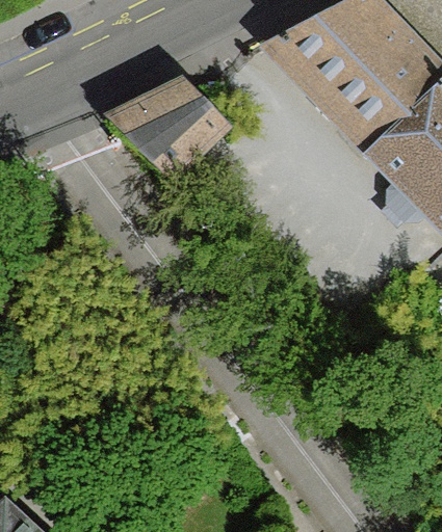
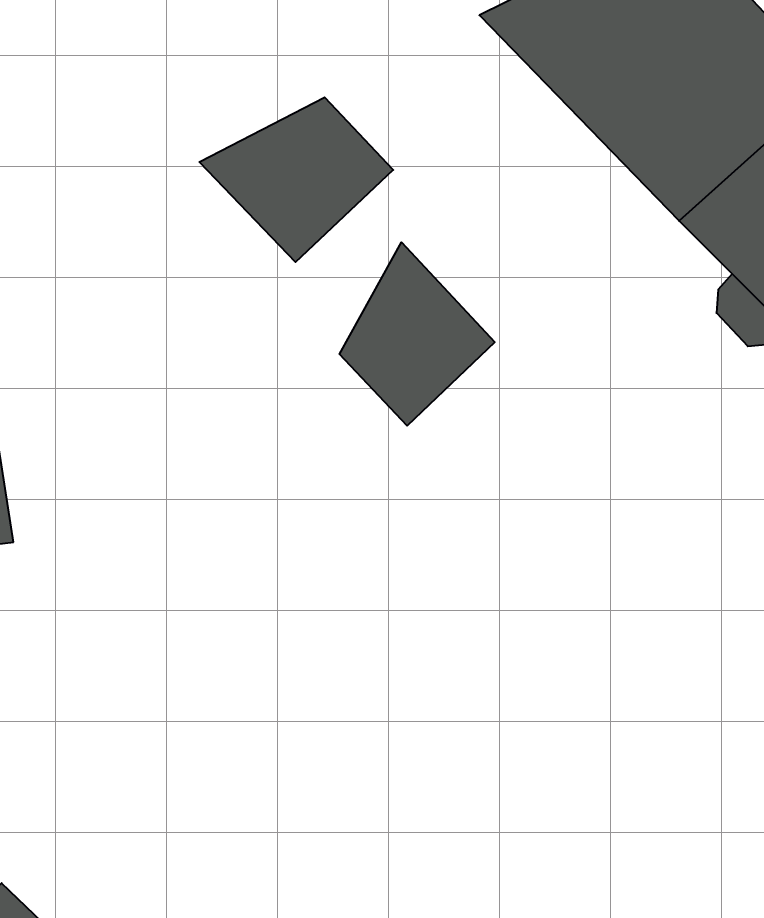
building: none -> [339,242,495,426]

